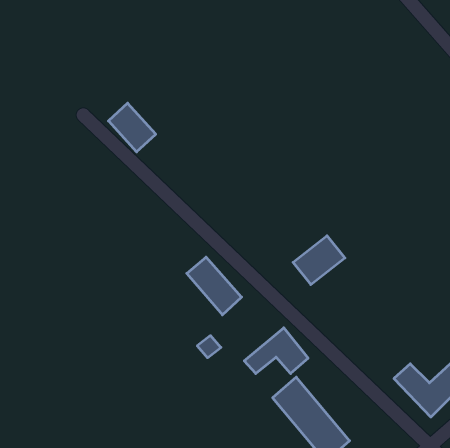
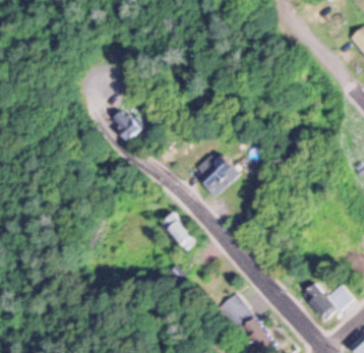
building: [293,236,345,285] -> [196,157,232,190]
building: [244,328,308,374] -> none

